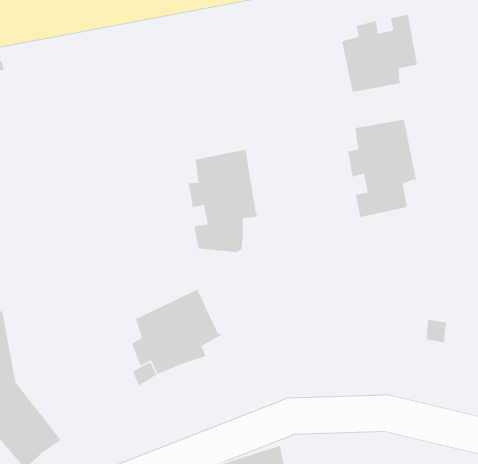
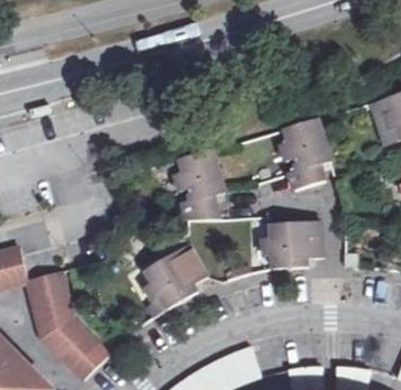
building: [341,14,418,93] -> none
building: none -> [262,221,319,269]

